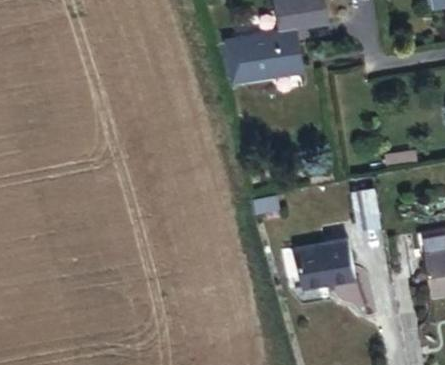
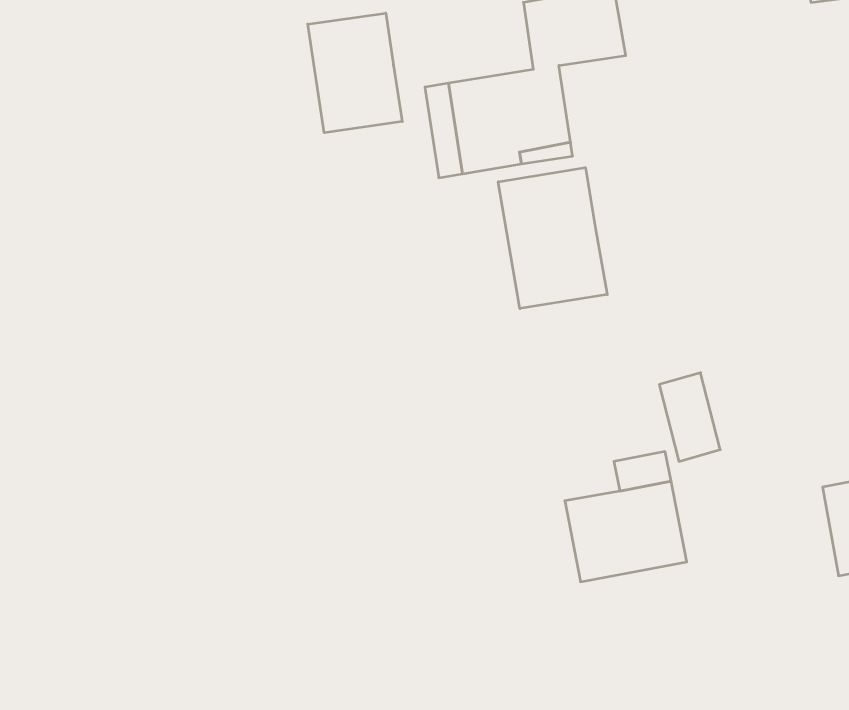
building: none -> [308,13,402,133]
building: none -> [498,168,607,309]

